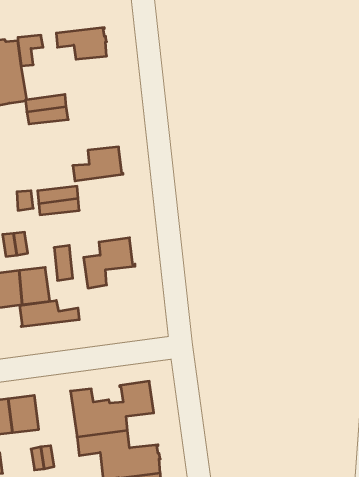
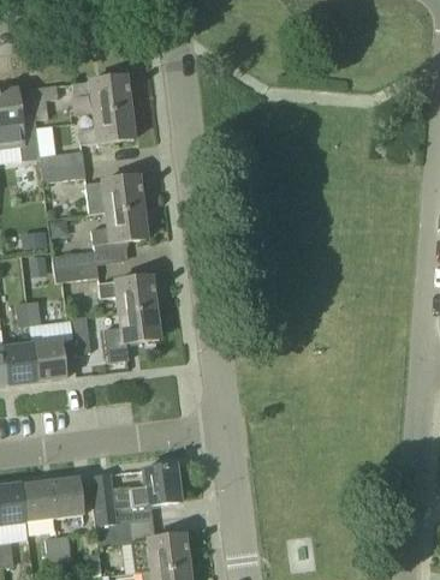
building: none -> [77,107,133,143]
building: none -> [84,175,141,213]
building: none -> [97,275,153,311]
building: [20,300,79,327] -> none
building: none -> [48,476,83,516]

